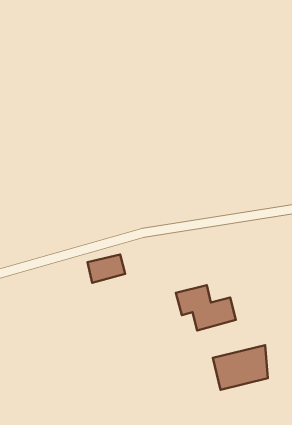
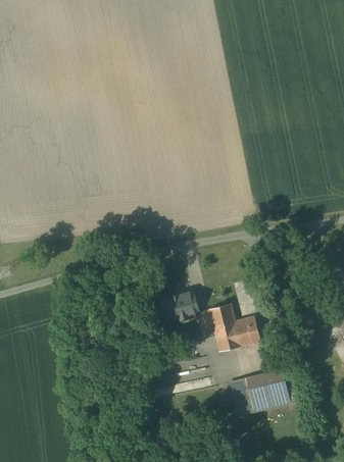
building: [87,255,125,283] -> [158,292,198,321]

